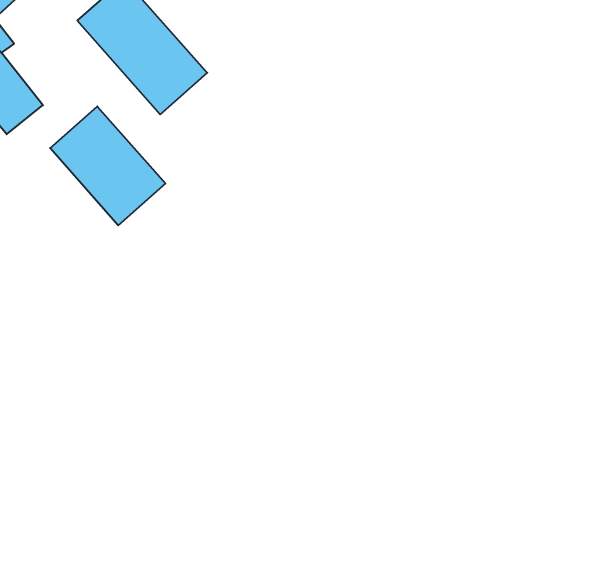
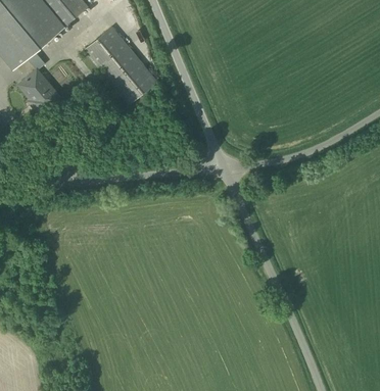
building: [50,106,165,225] -> none

